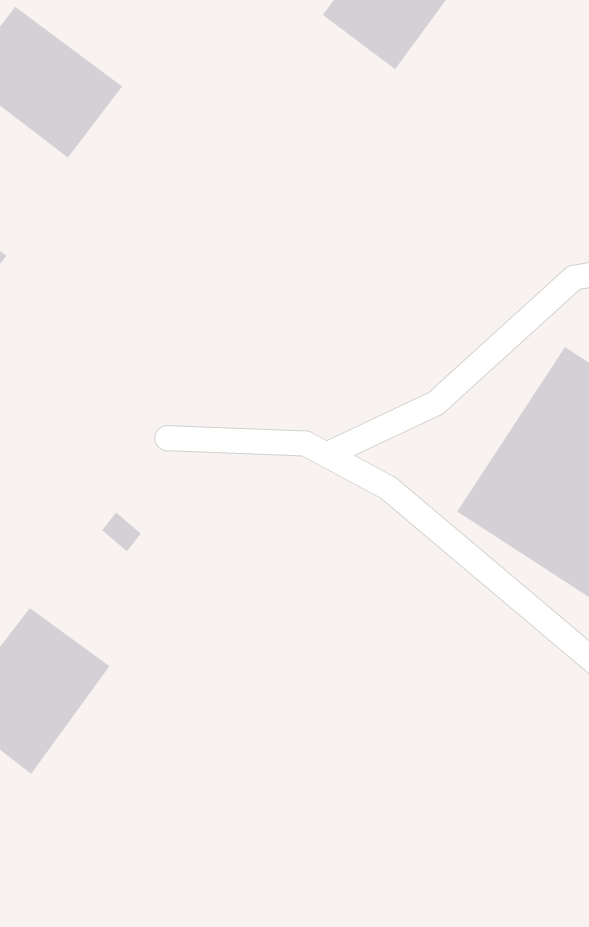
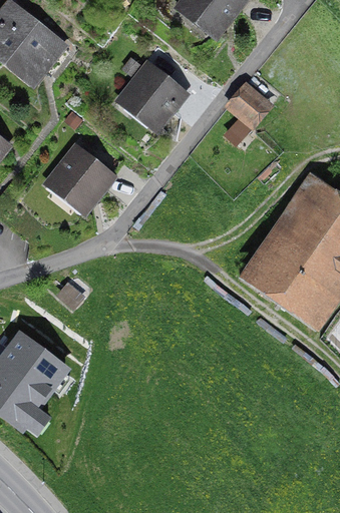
building: none -> [117,64,187,132]
building: none -> [225,75,278,128]
building: none -> [42,143,110,210]

